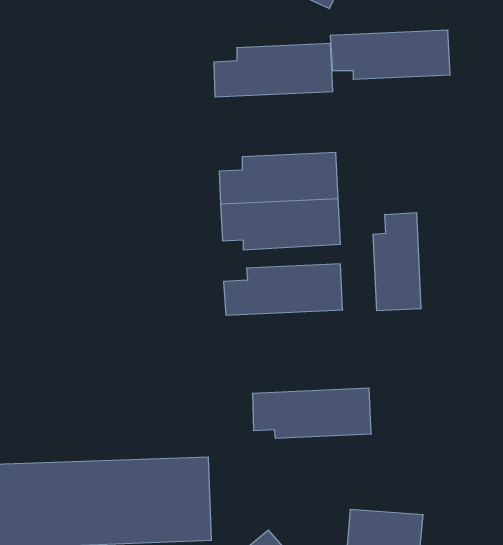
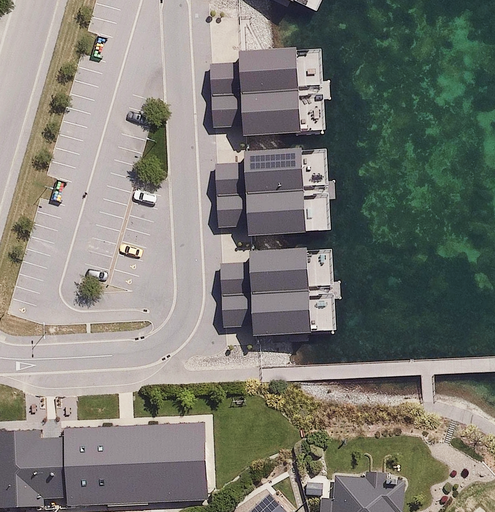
building: [330,30,450,79] -> [212,90,322,135]
building: [373,213,421,311] -> none
building: [252,388,371,438] -> [222,290,331,336]

